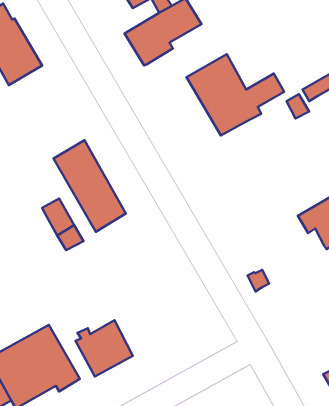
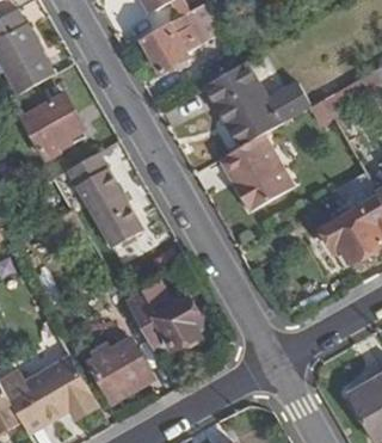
building: none -> [21,93,82,160]
building: none -> [218,133,294,211]
building: none -> [129,278,201,351]

